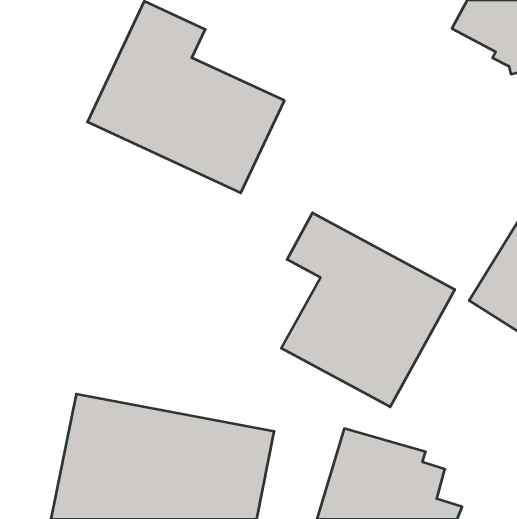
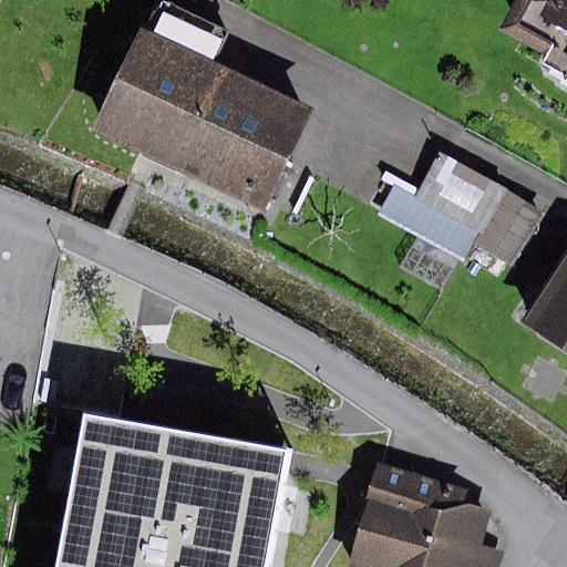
building: none -> [380,157,539,259]
building: [281,213,455,407] -> none

